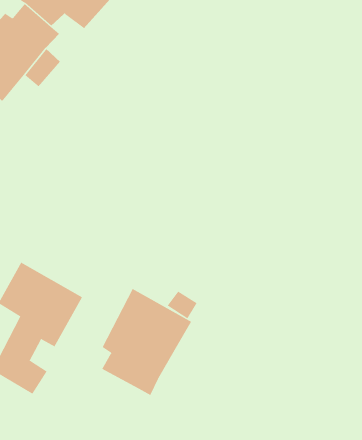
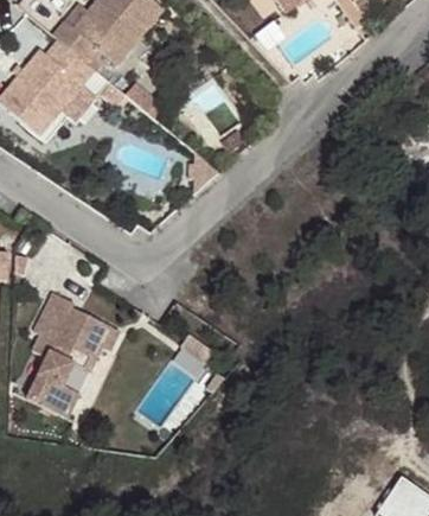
building: [102,288,192,396] -> none

